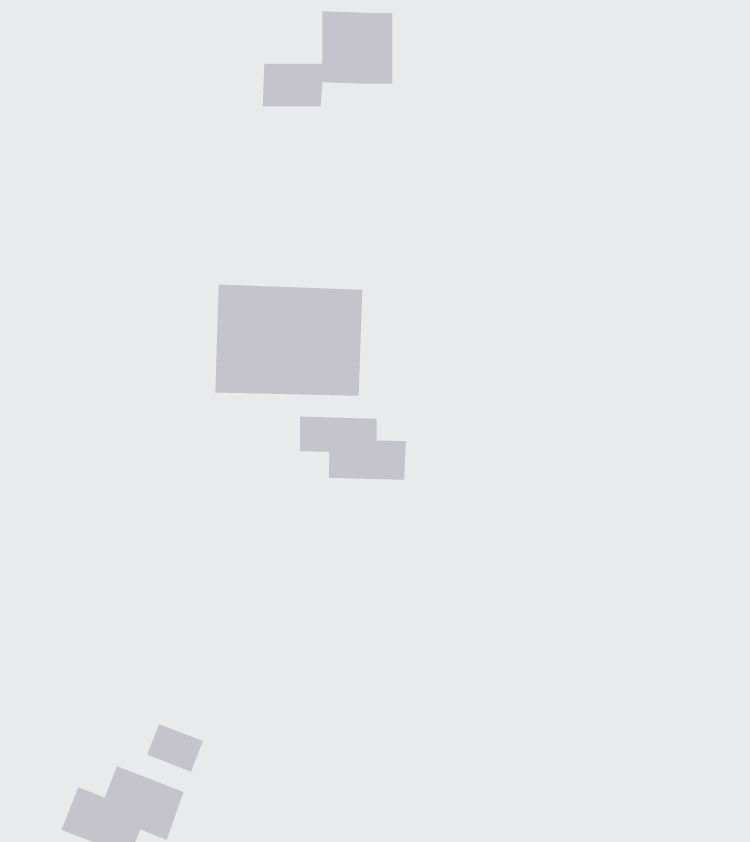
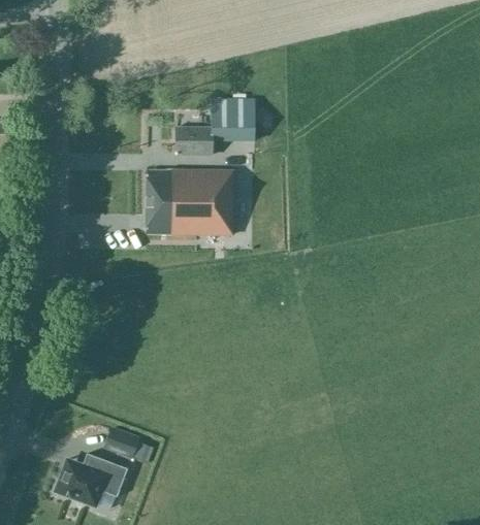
building: [262,11,393,107] -> [177,97,254,154]
building: [299,416,406,480] -> none

